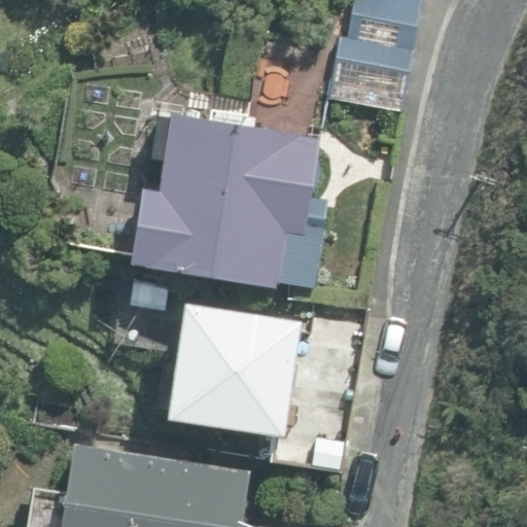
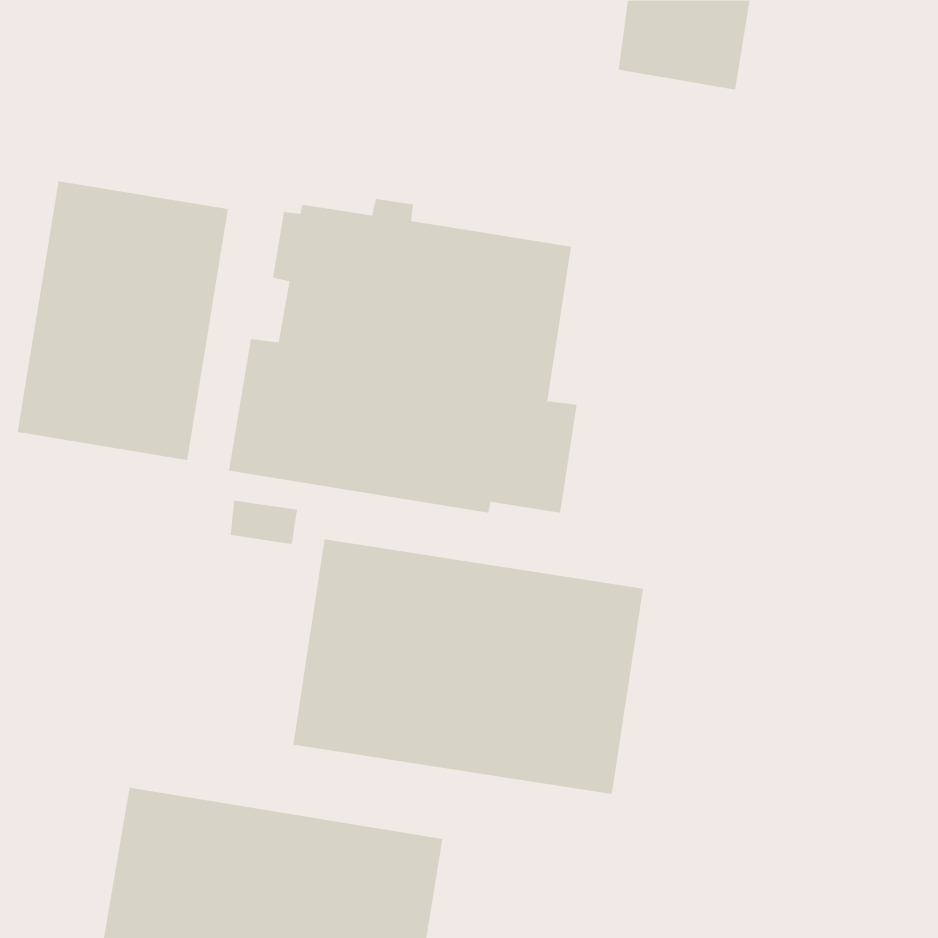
building: none -> [17,180,228,461]

